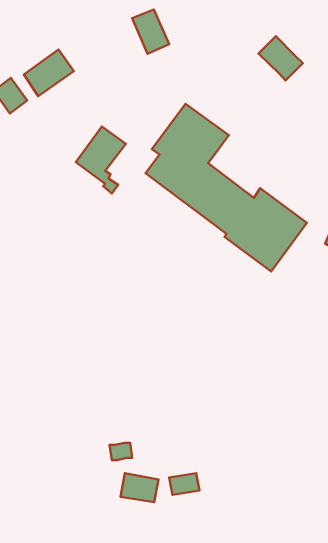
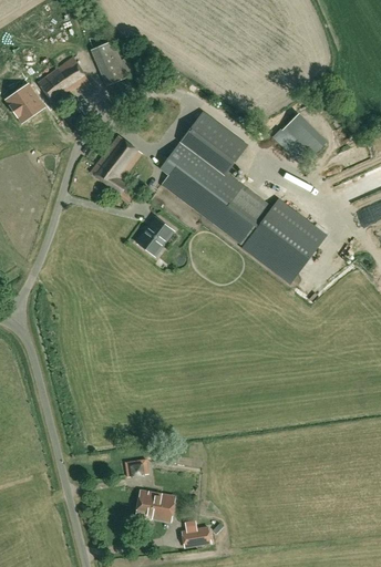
building: [132,10,169,54] -> [91,40,128,85]
building: [258,36,303,81] -> [281,113,327,158]
building: none -> [136,217,174,251]
building: [169,473,200,495] -> [181,526,212,548]

